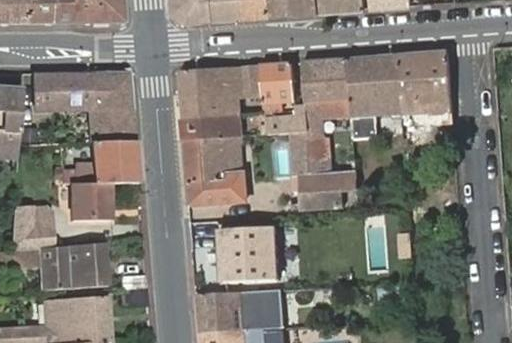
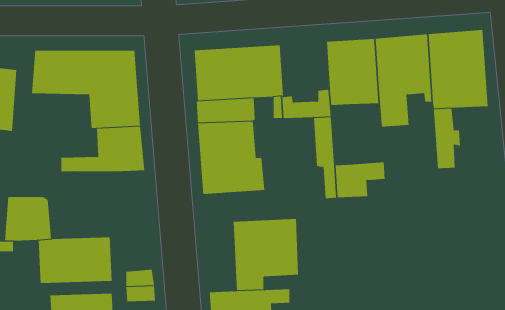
building: [262,64,296,115] -> none
building: [308,122,334,178] -> [433,108,461,169]
building: [71,184,110,223] -> none

